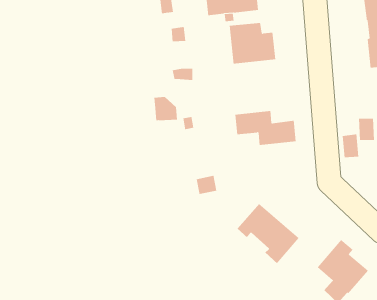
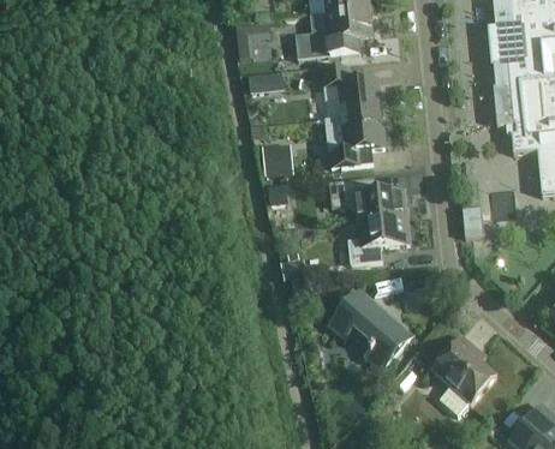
building: none -> [326,113,384,167]
building: [154,97,178,121] -> [263,144,293,174]
building: none -> [347,215,410,263]

